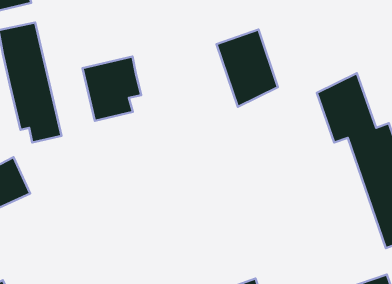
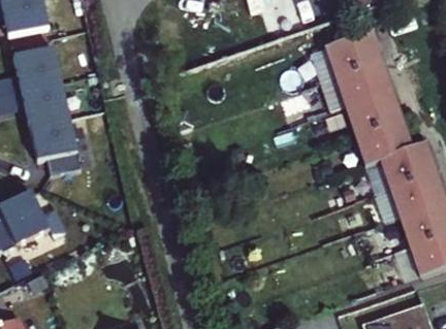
building: [216,30,278,107] -> [327,39,392,121]
building: [82,56,141,121] -> none

